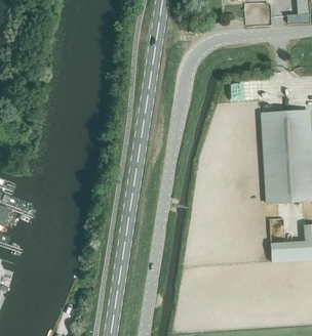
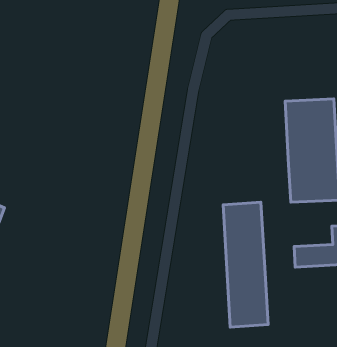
building: none -> [223,202,268,327]

